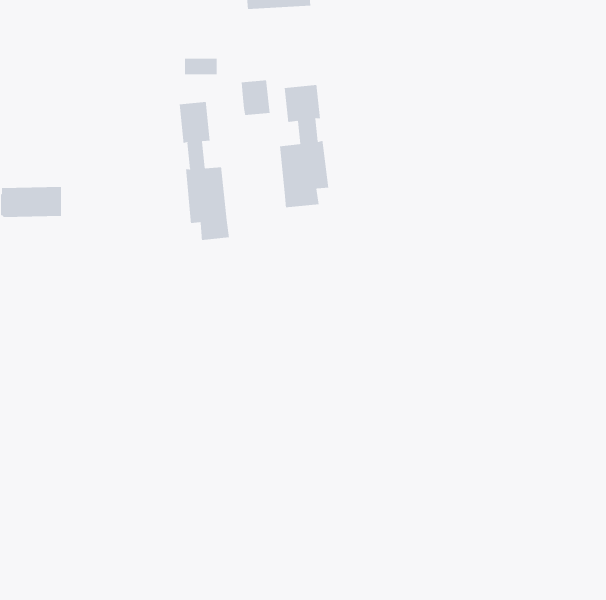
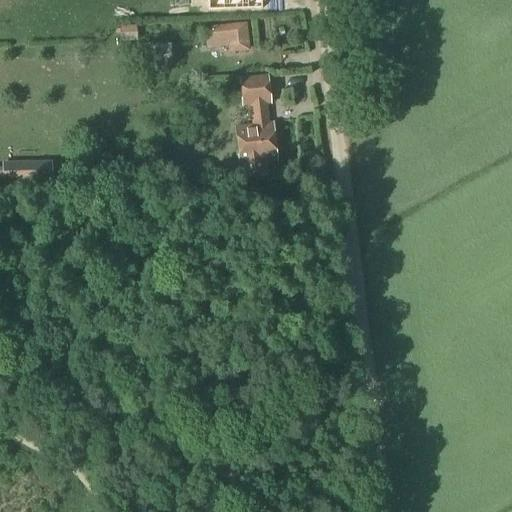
building: [241,80,271,116] -> [226,20,251,50]
building: [179,101,229,241] -> none

